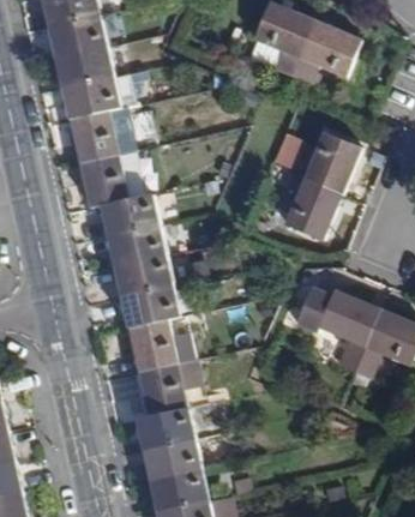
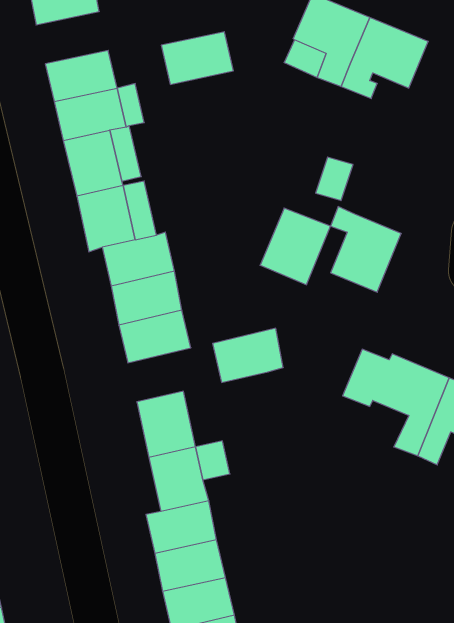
building: [48,16,106,58] -> [161,32,233,84]
building: [302,132,359,193] -> [260,208,331,285]
building: [121,284,178,327] -> [213,328,283,382]

